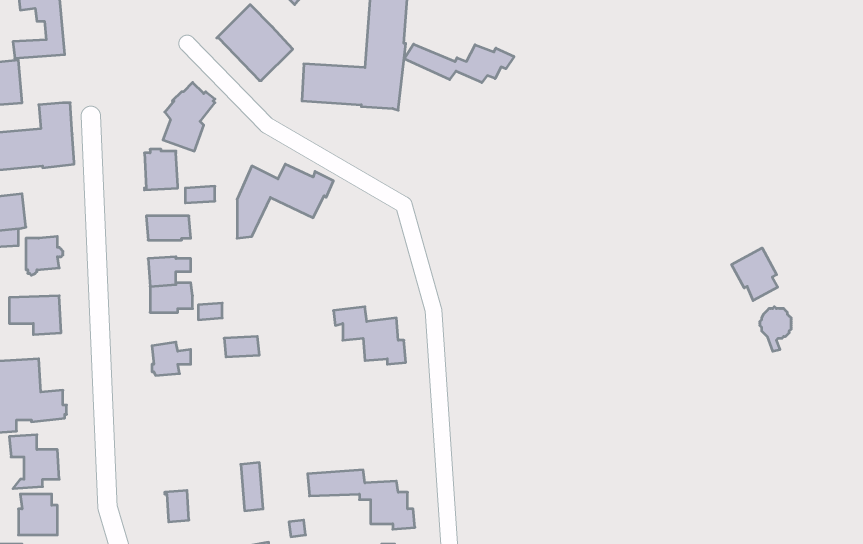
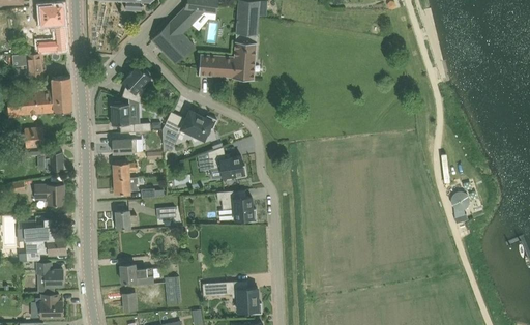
building: [404,44,514,83] -> none
building: none -> [197,147,246,180]
building: [732,248,778,301] -> none
building: none -> [120,264,154,286]

